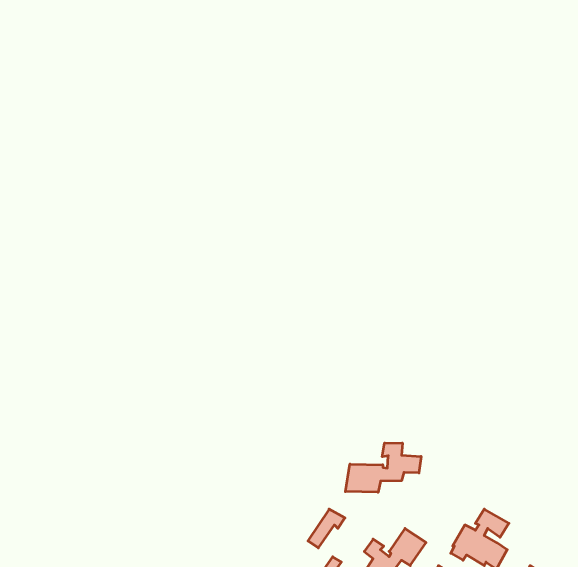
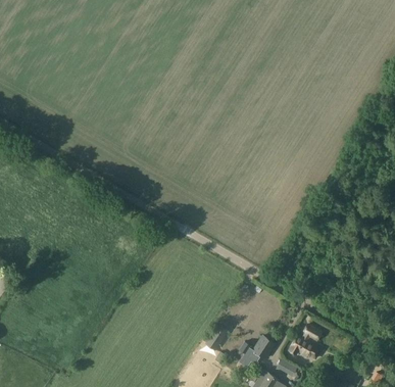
building: [345,443,421,492] -> none

